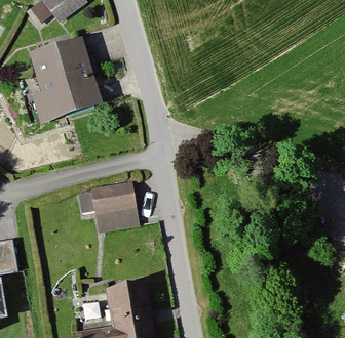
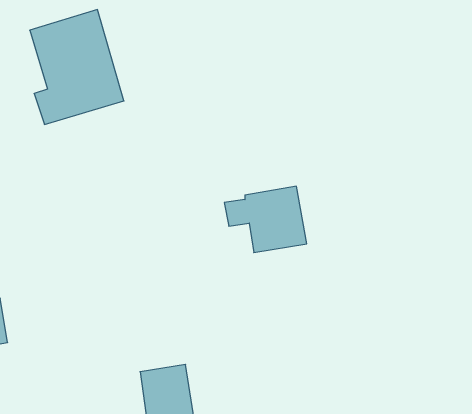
building: [80,183,138,229] -> [224,186,307,253]

